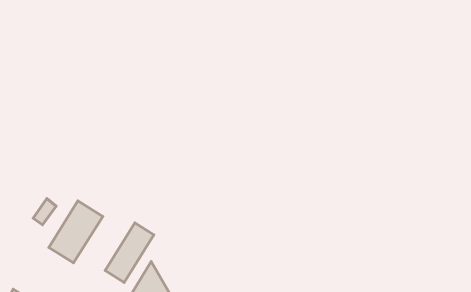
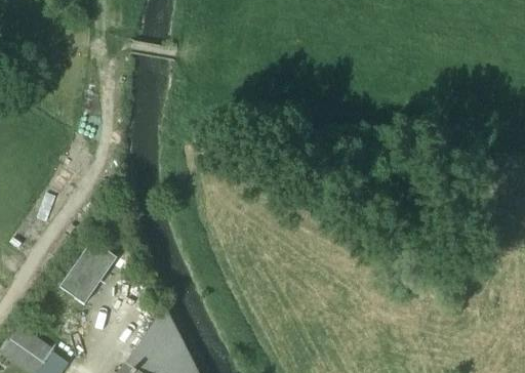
building: [105,223,154,282] -> none

